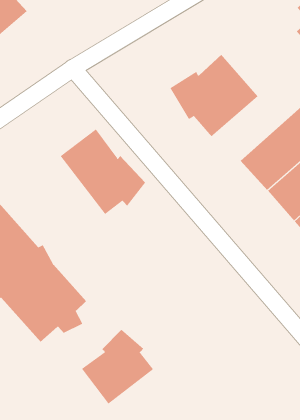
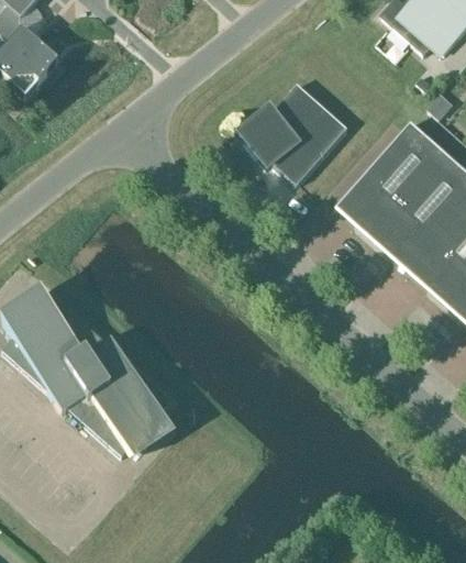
building: [60,128,146,215] -> none
building: [81,329,154,405] -> none

